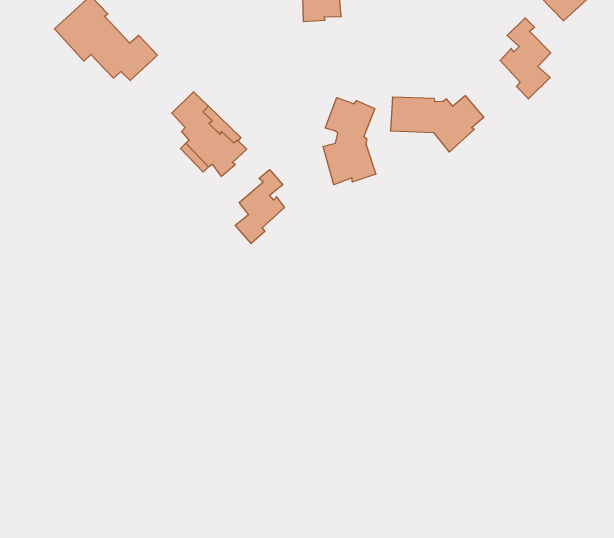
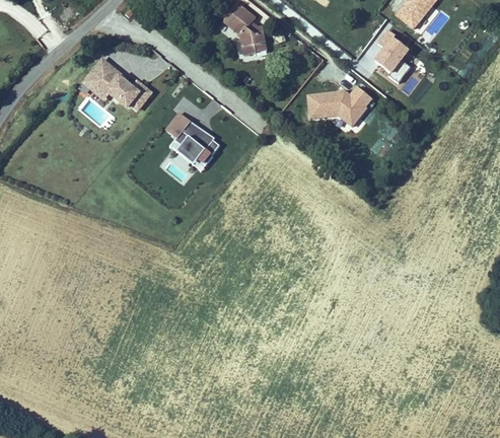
building: [323,98,376,185] -> none
building: [235,170,284,244] -> none

